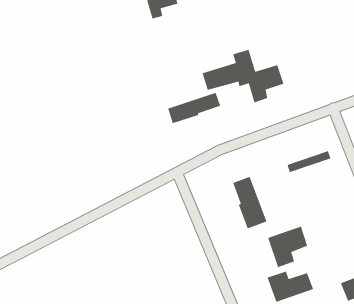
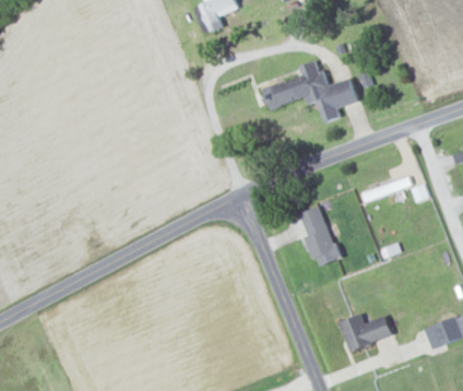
building: [167,92,221,124] -> none
building: [267,226,308,268] -> none

